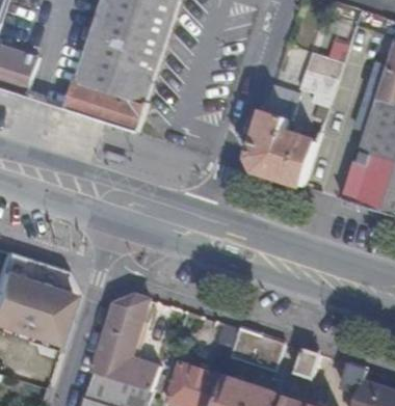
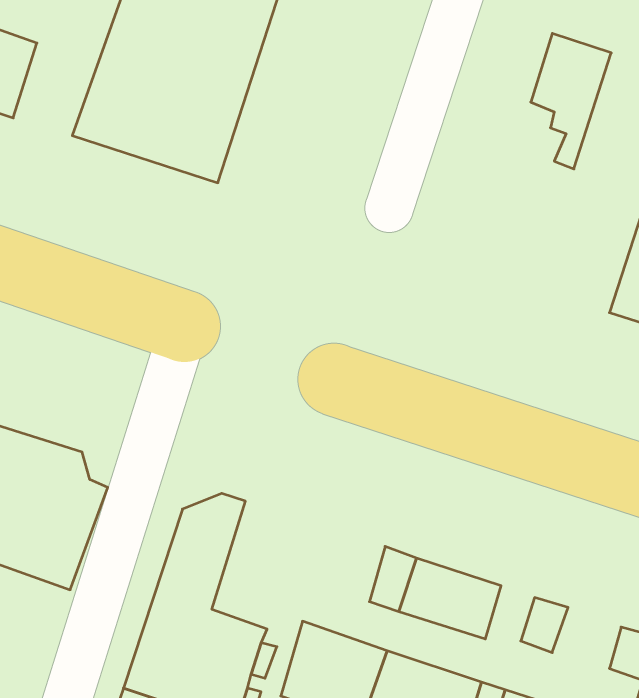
building: [235,80,311,186] -> none

